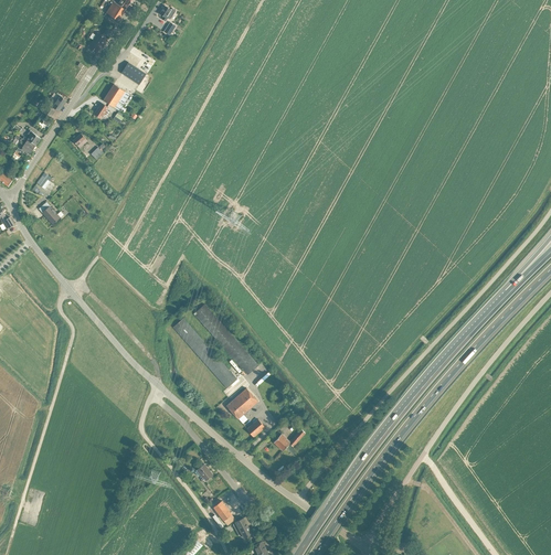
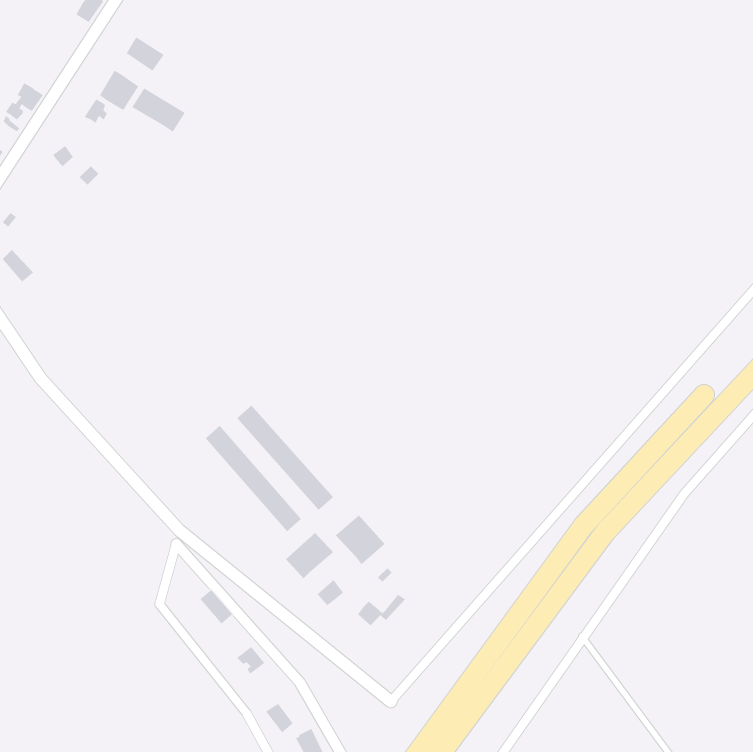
building: none -> [132,88,186,132]
building: none -> [335,514,386,565]

